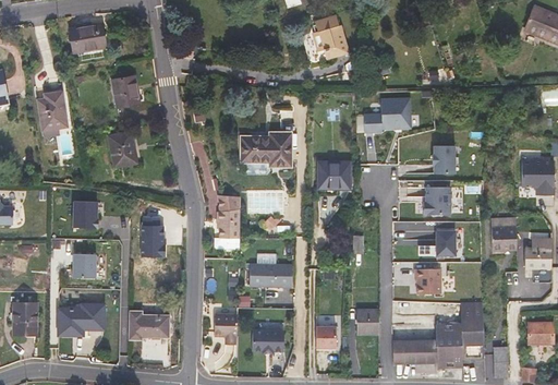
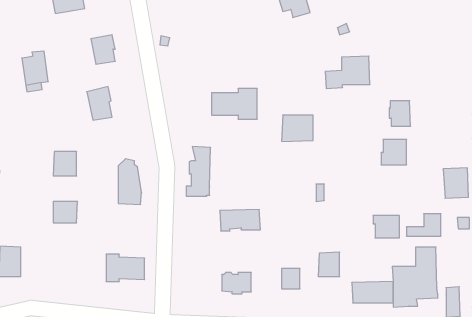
building: [417,231,454,255] -> [406,214,441,236]
building: [58,305,104,335] -> none
building: [214,313,238,345] -> none

